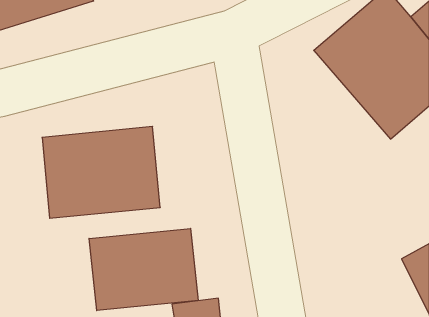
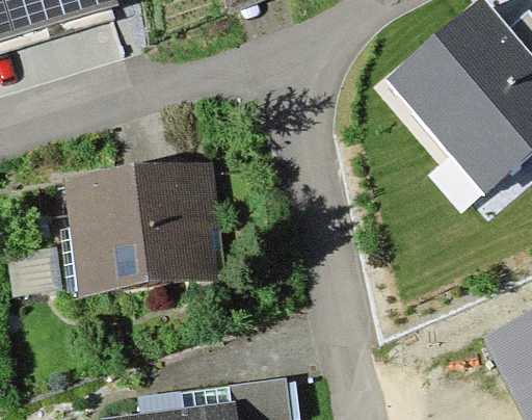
building: [89,228,198,311] -> none

